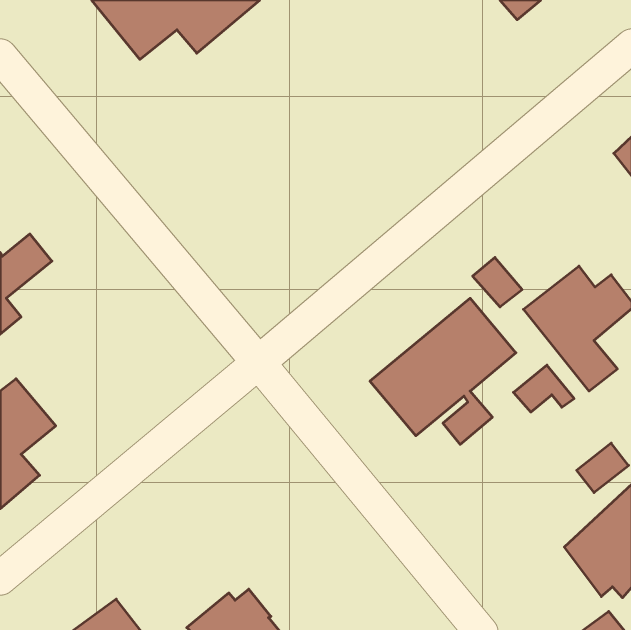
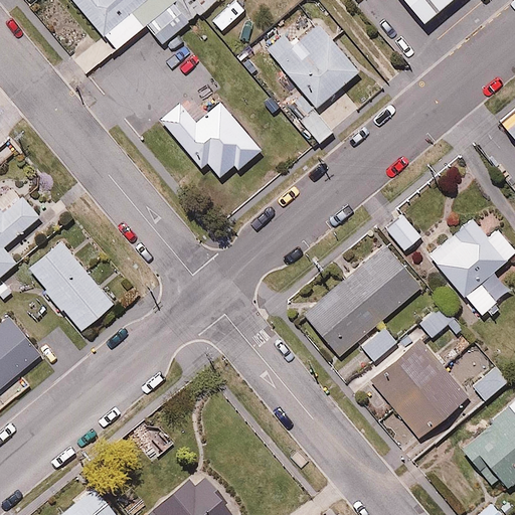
building: none -> [264,22,359,145]
building: none -> [163,101,261,177]
building: none -> [27,237,114,329]
building: none -> [372,340,468,438]

